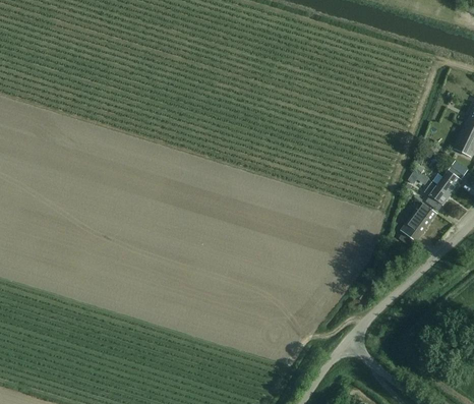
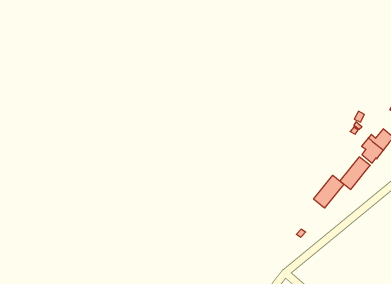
building: none -> [314,175,344,208]

